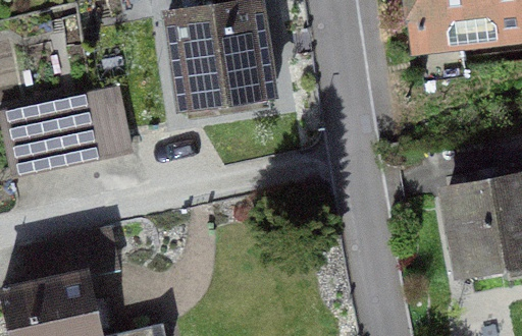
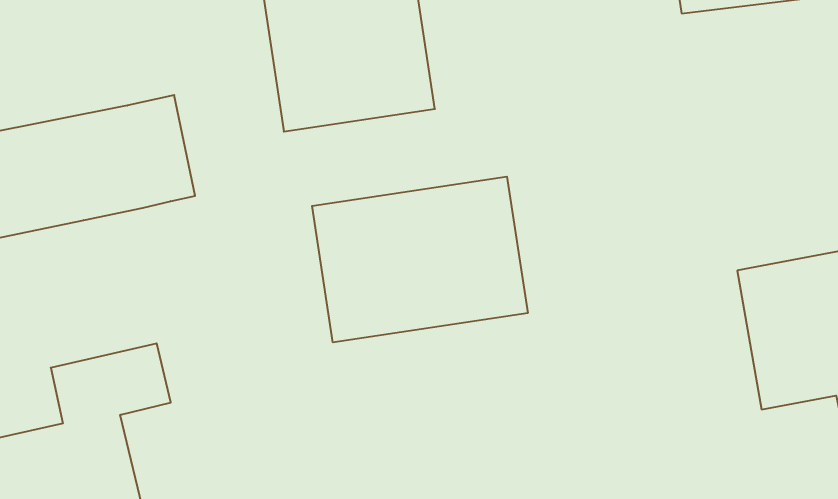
building: none -> [312,177,528,342]

